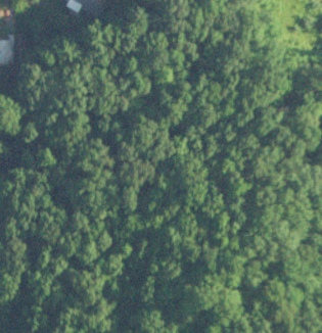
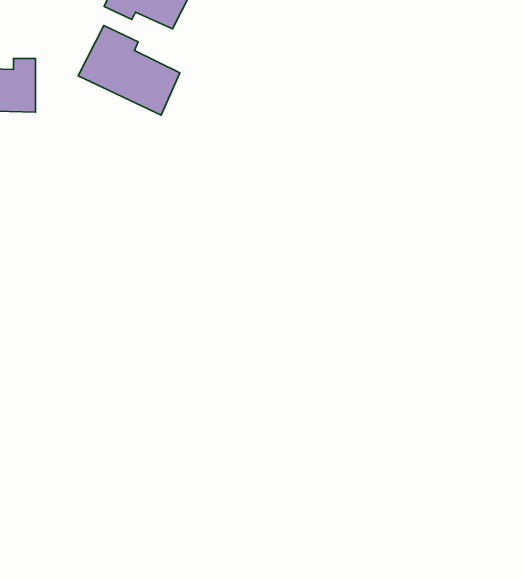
building: none -> [78,25,180,115]

